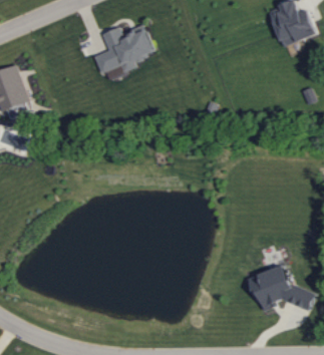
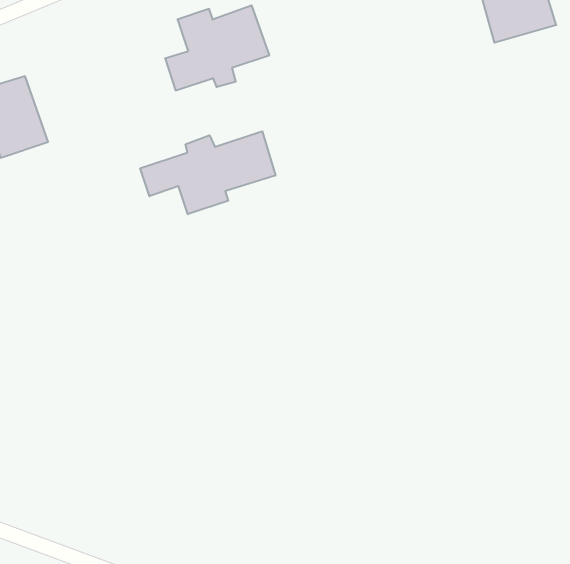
building: none -> [140,131,275,214]
building: [249,266,316,312] -> none

